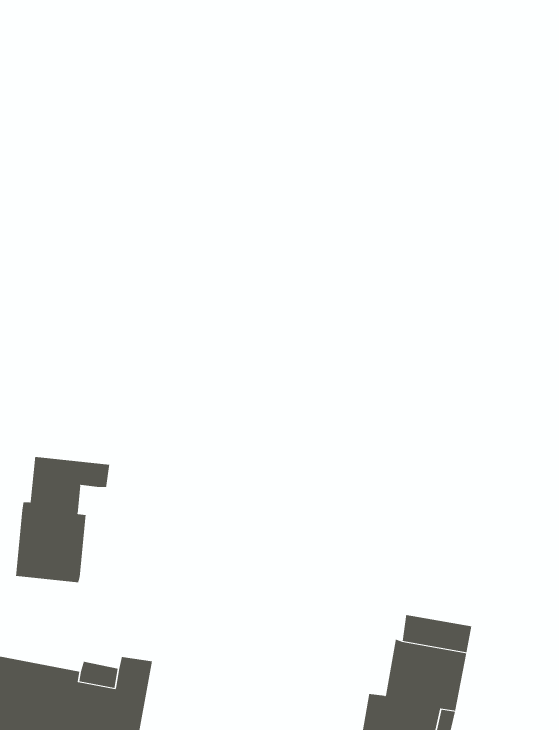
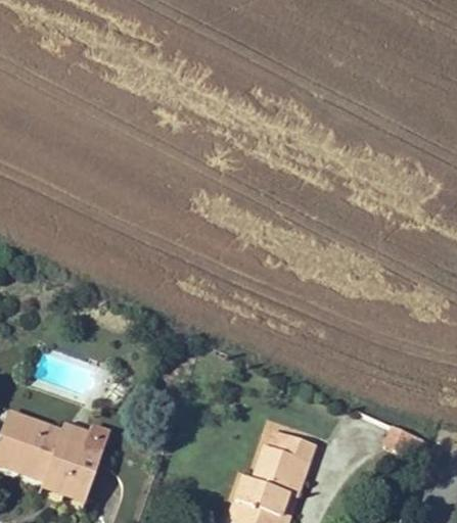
building: [15,456,110,583] -> none

